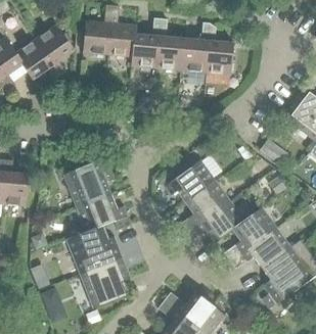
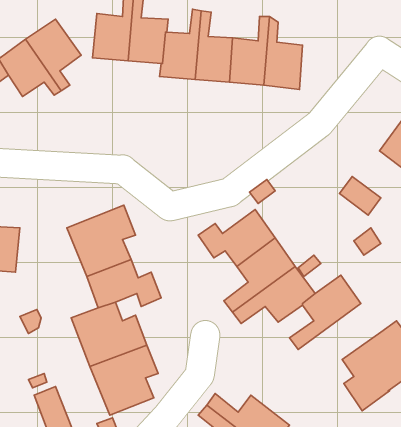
building: [229,228,288,269] -> none

